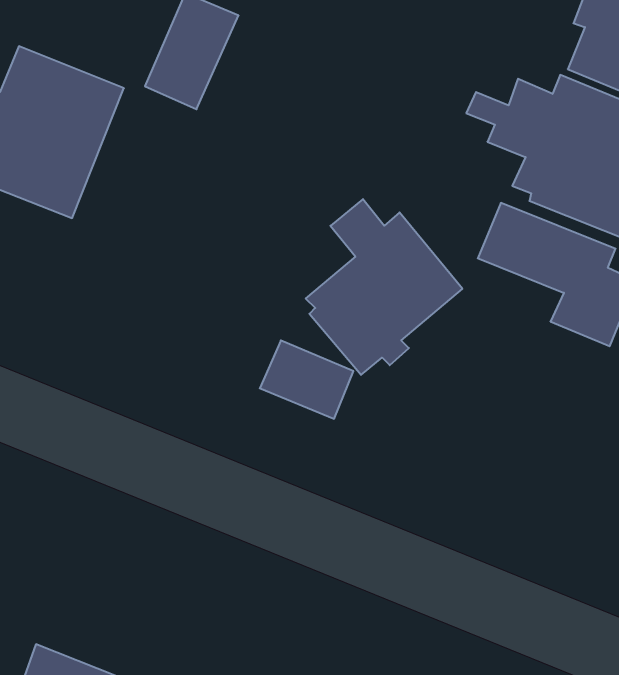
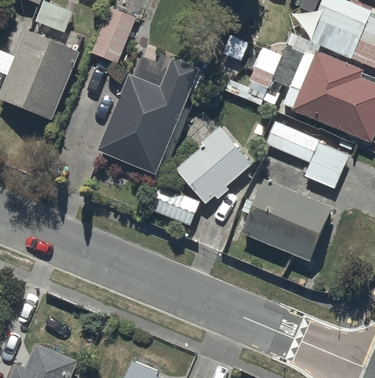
building: none -> [96,59,199,177]
building: none -> [242,177,333,262]

